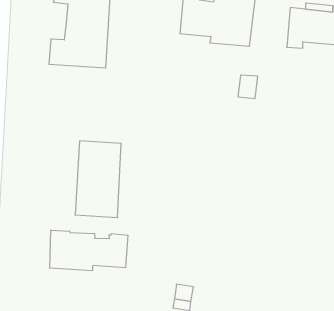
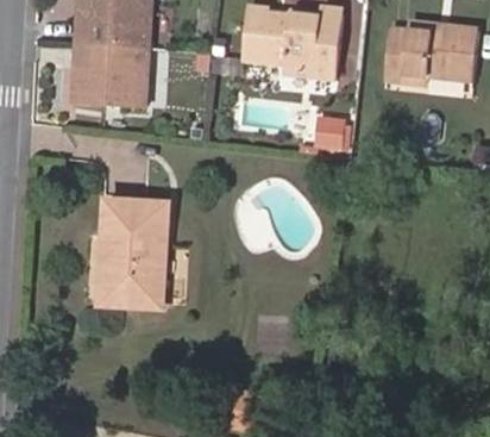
building: [50,230,128,271] -> none

